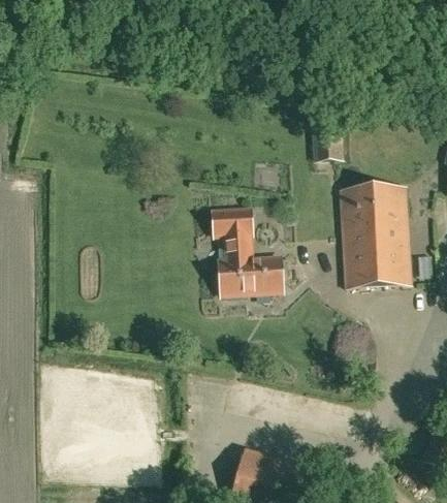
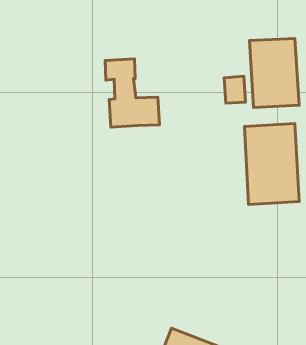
building: none -> [249,38,299,108]
building: [213,208,282,294] -> [105,59,160,127]

